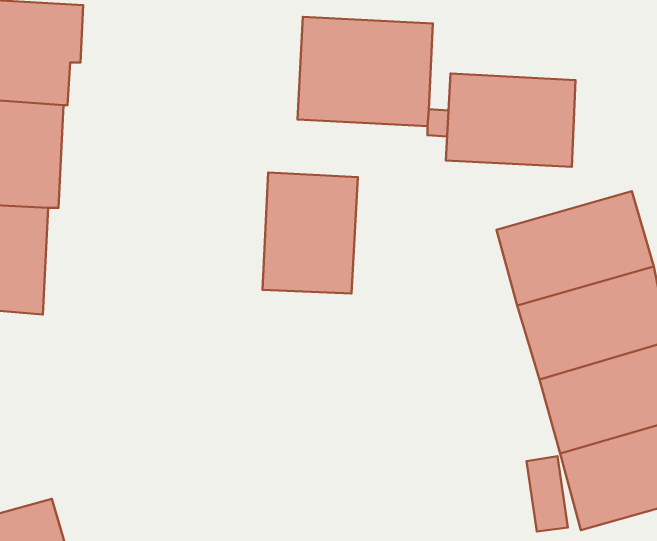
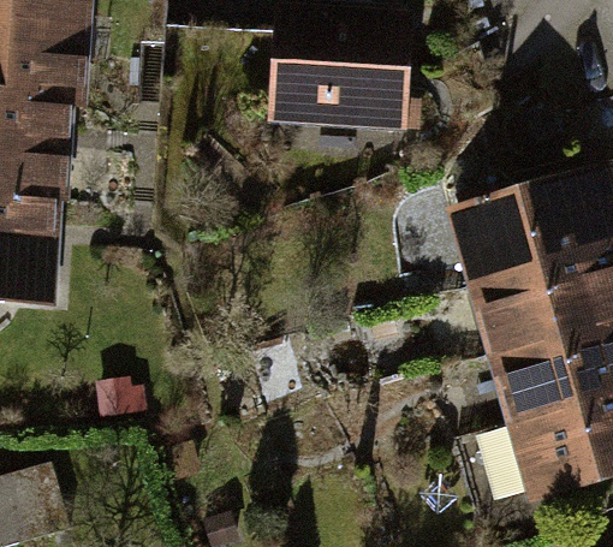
building: [446,73,576,167] -> none
building: [262,172,358,294] -> none

